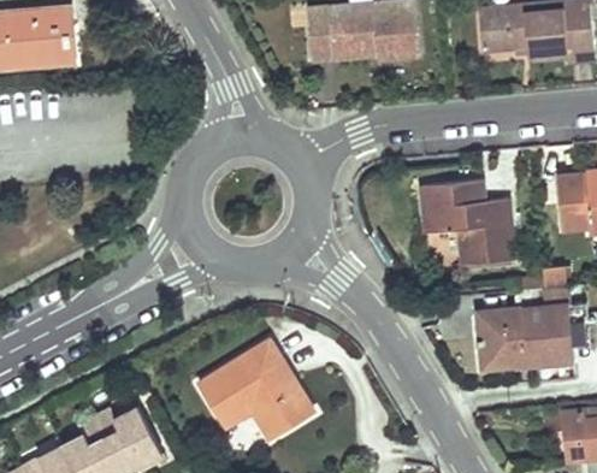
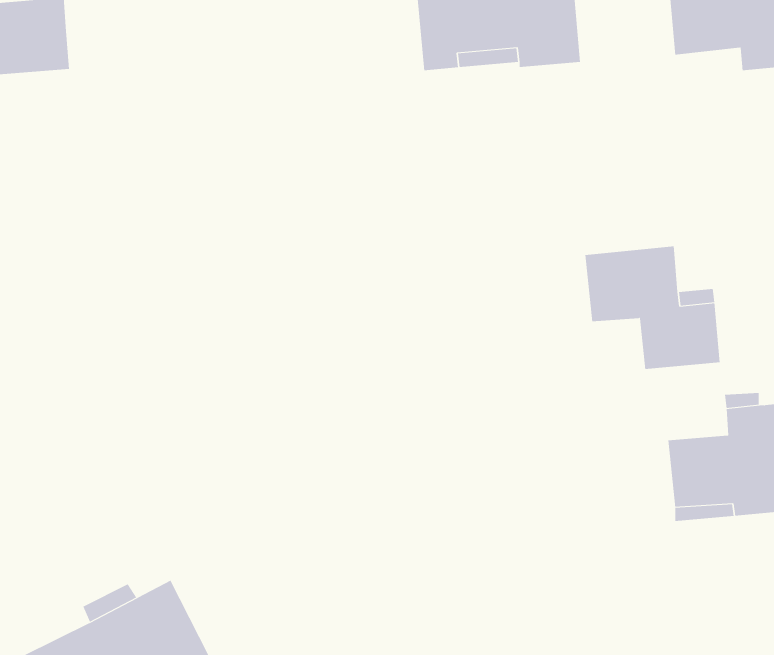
building: [197,339,313,434] -> none

